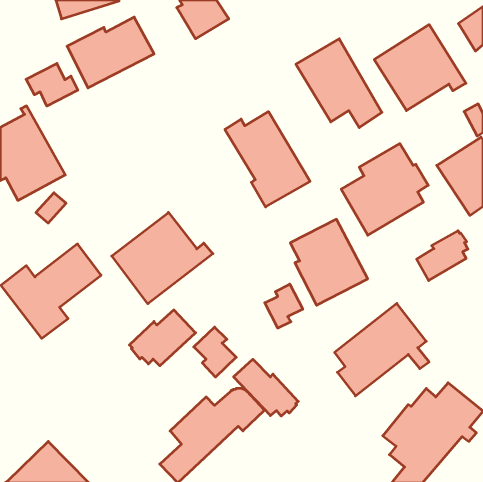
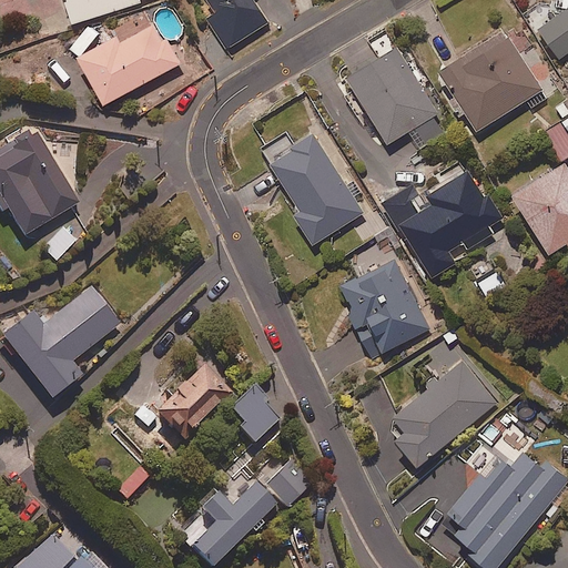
building: [26,63,78,106] -> none
building: [112,212,213,304] -> none
building: [417,231,468,281] -> none
building: [265,284,303,328] -> none
building: [234,359,298,416] -> none

